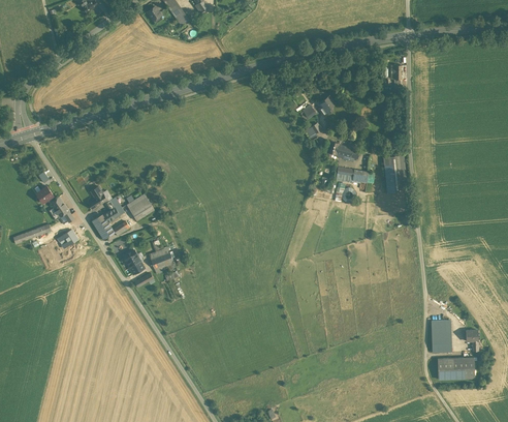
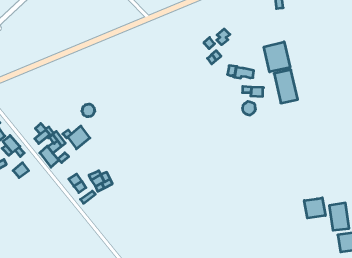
building: none -> [264,42,290,72]
building: none -> [304,198,325,218]

